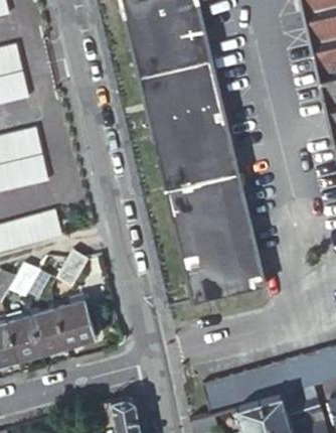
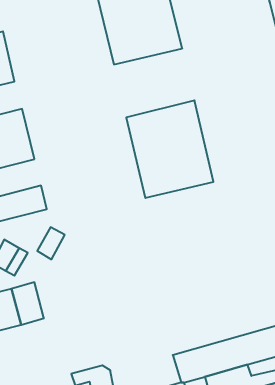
building: [139,59,224,133] -> none
building: [172,201,265,303] -> none
building: [54,300,95,346] -> none

